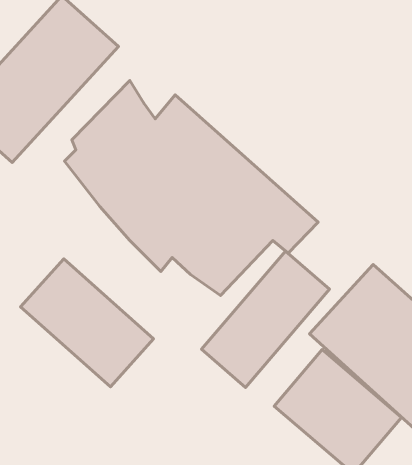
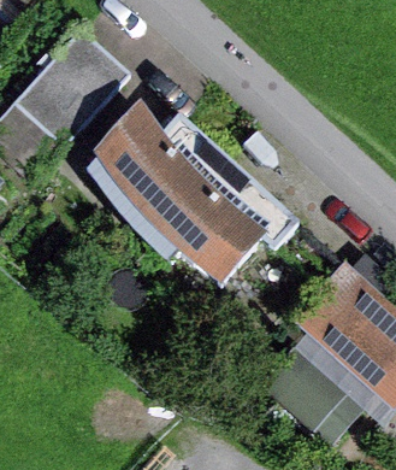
building: [201,251,330,387] -> none
building: [20,259,154,387] -> none

